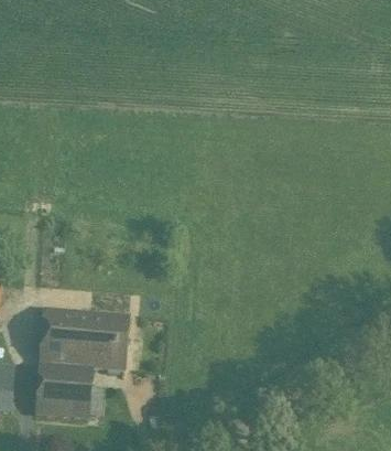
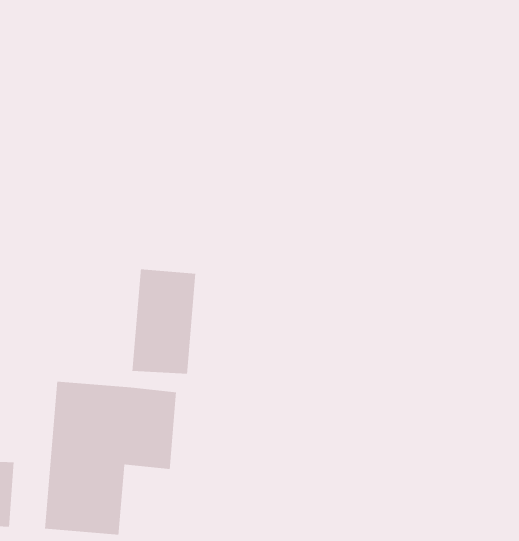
building: none -> [132,268,196,375]

